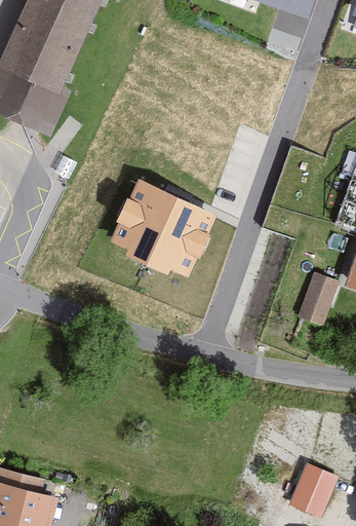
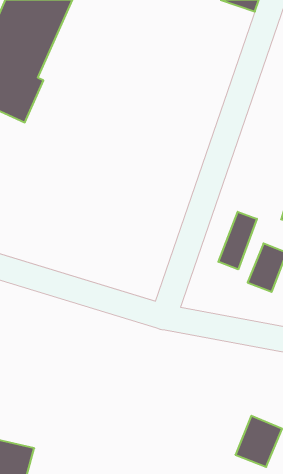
building: [107,174,213,271] -> none
building: none -> [218,212,257,269]

